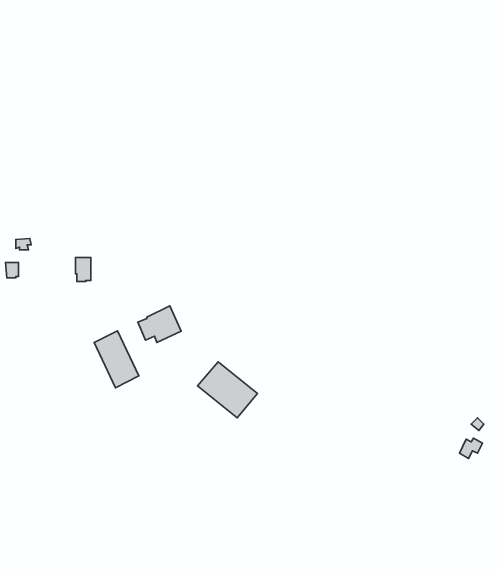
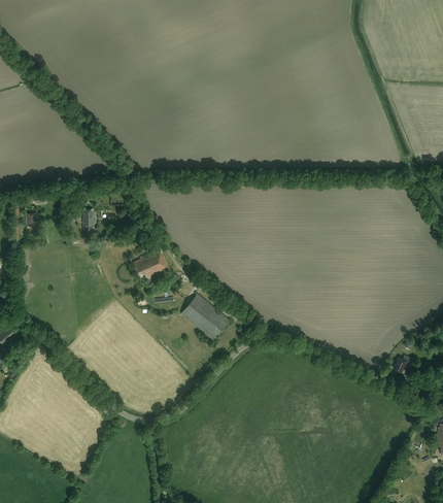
building: [94,331,139,388] -> none

